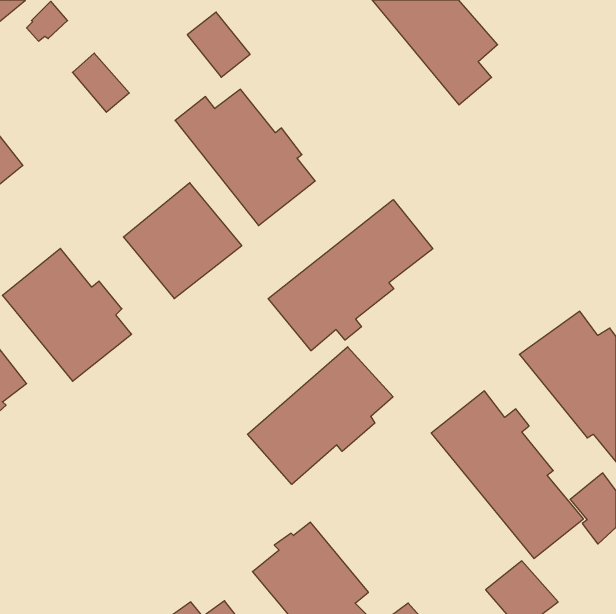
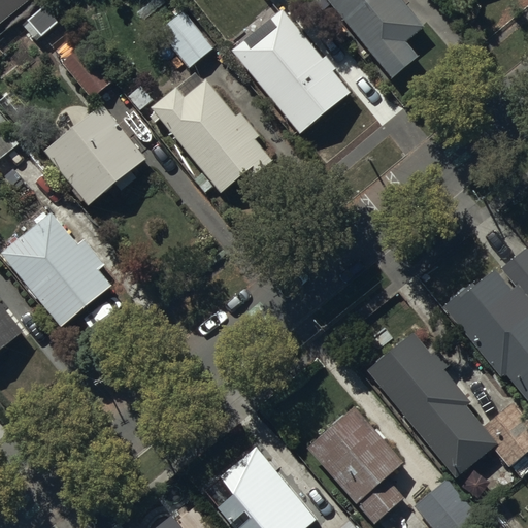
building: none -> [233,10,349,131]
building: [123,183,242,299] -> [44,103,145,202]
building: [268,200,433,351] -> none
building: [248,347,393,484] -> none
building: none -> [307,404,404,522]

